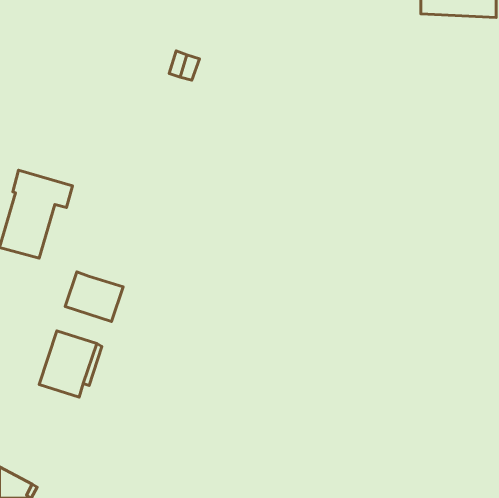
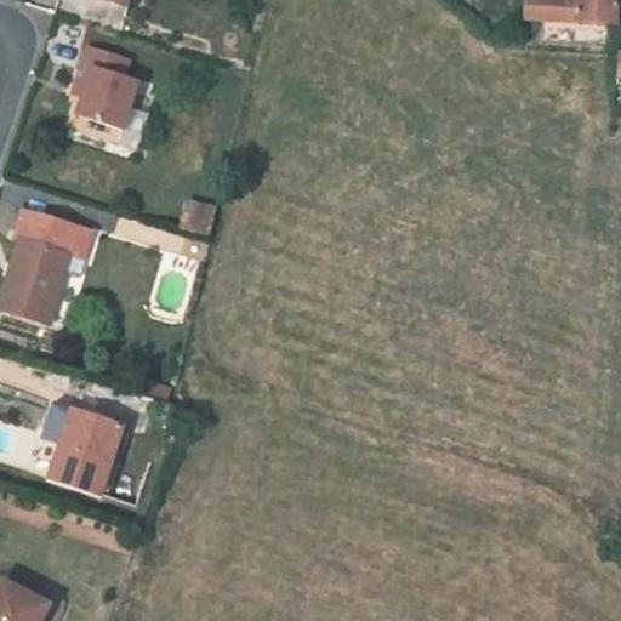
building: none -> [73,47,147,148]
building: [65,272,123,322] -> none

